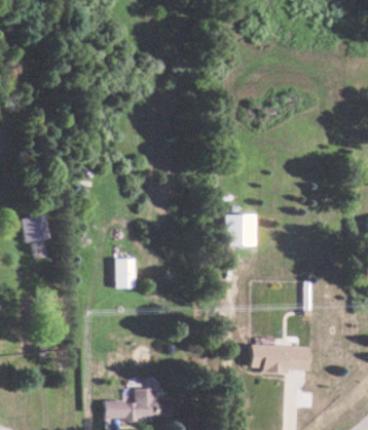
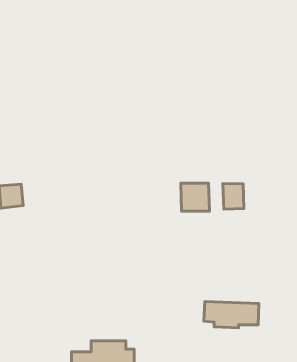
building: none -> [223,184,244,209]
building: [116,258,136,288] -> none

